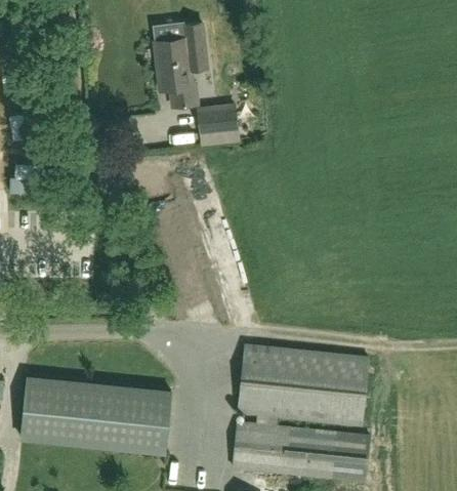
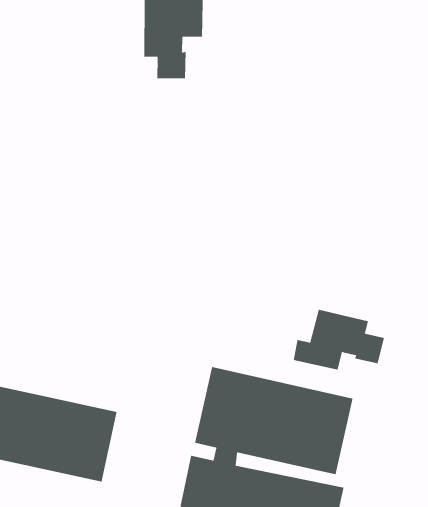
building: [197,104,240,137] -> none
building: none -> [293,309,385,371]

